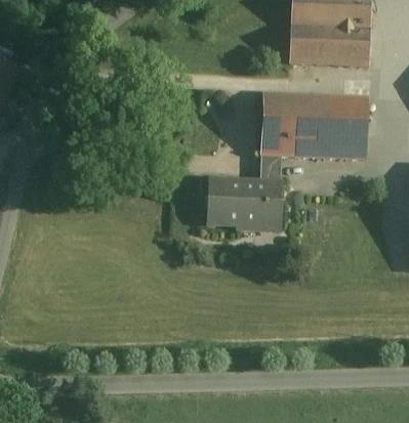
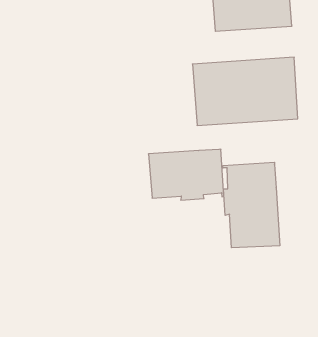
building: [260,156,282,182] -> none
building: none -> [223,162,280,248]

